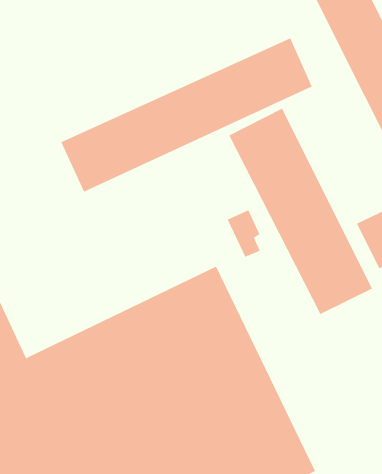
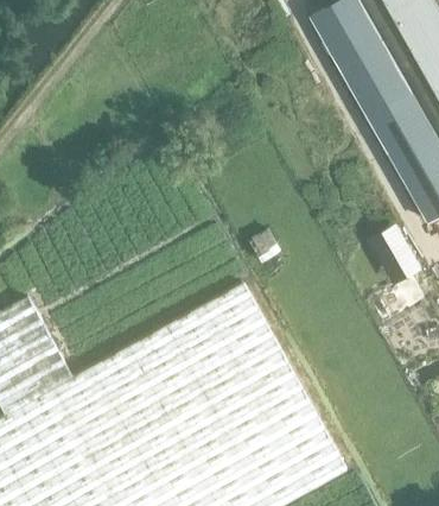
building: [61,37,313,192] -> none
building: [228,108,373,315] -> none

